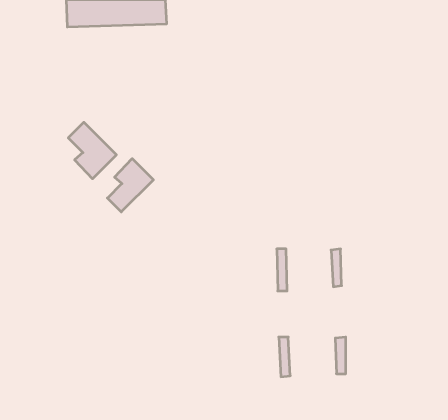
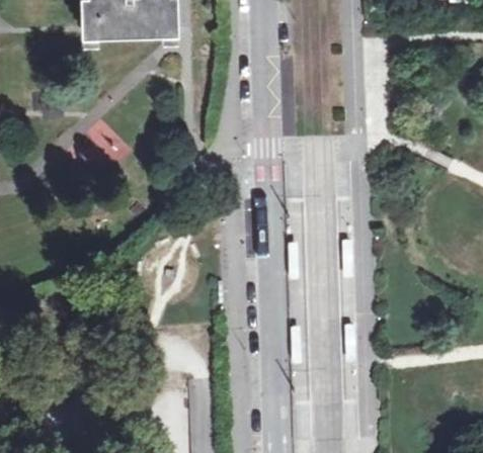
building: [107,159,153,212] -> none

